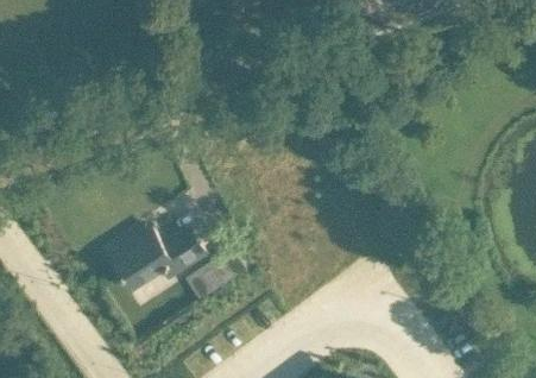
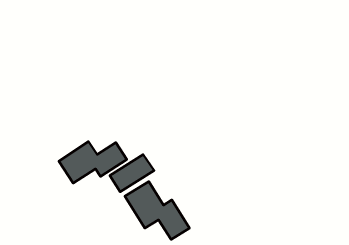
building: none -> [125,181,190,239]

